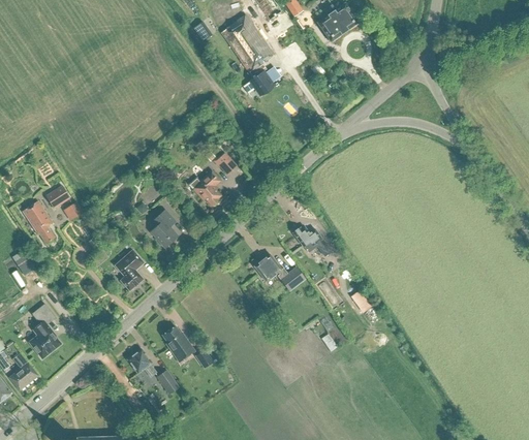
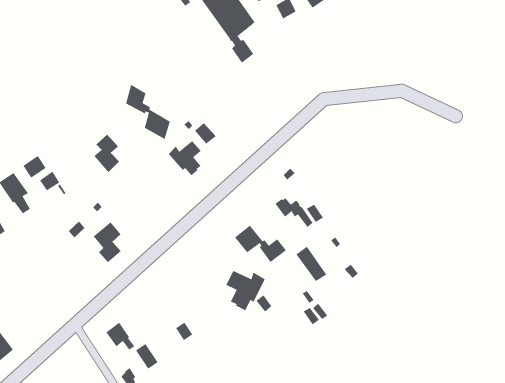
building: none -> [125,84,171,140]
building: [152,210,178,248] -> [94,134,120,173]
building: none -> [225,270,266,311]
building: [30,304,61,358] -> none
building: [163,326,195,363] -> none

